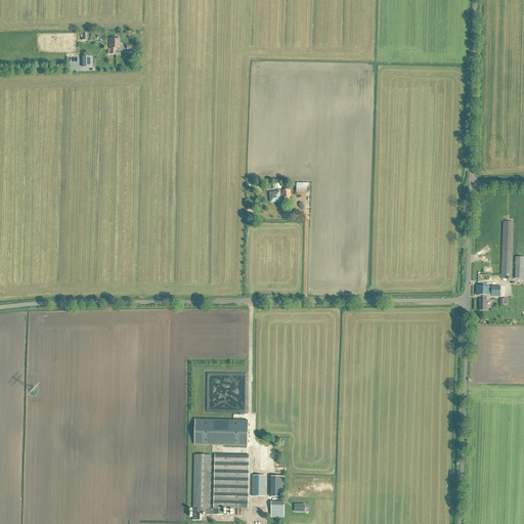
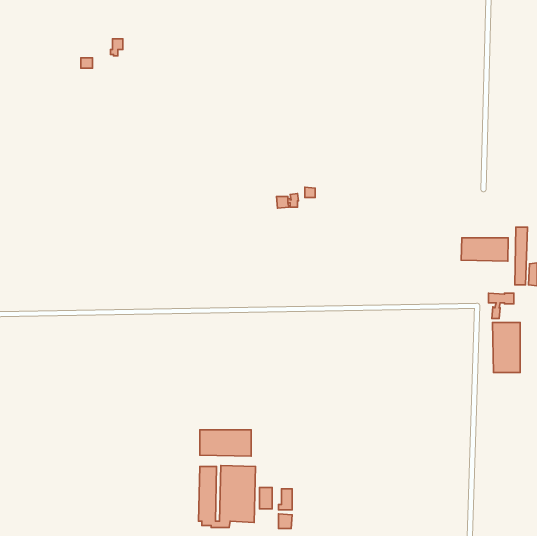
building: none -> [461,238,508,261]
building: none -> [492,323,520,373]

